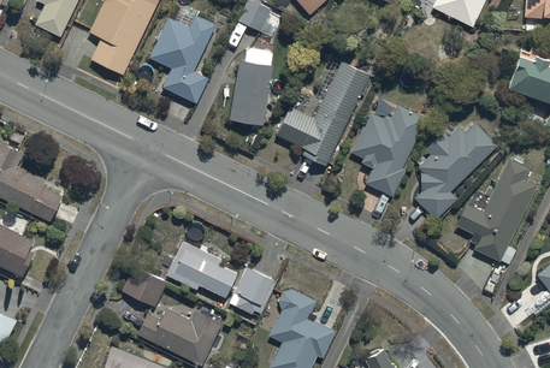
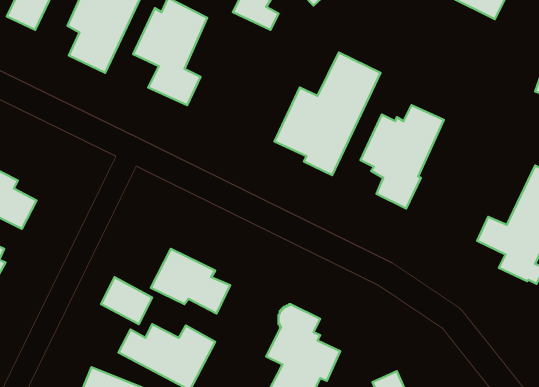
building: [229,53,272,132] -> none
building: [415,129,497,224] -> none
building: [227,266,276,314] -> none

